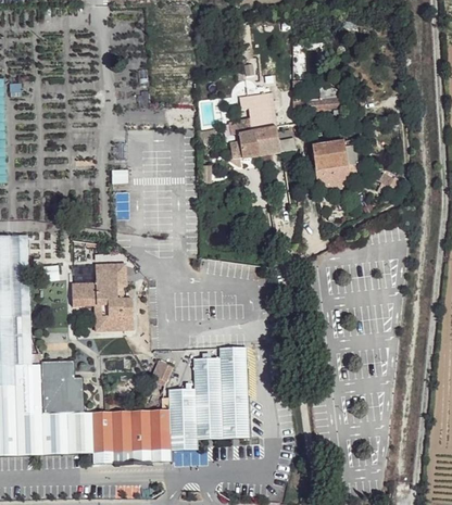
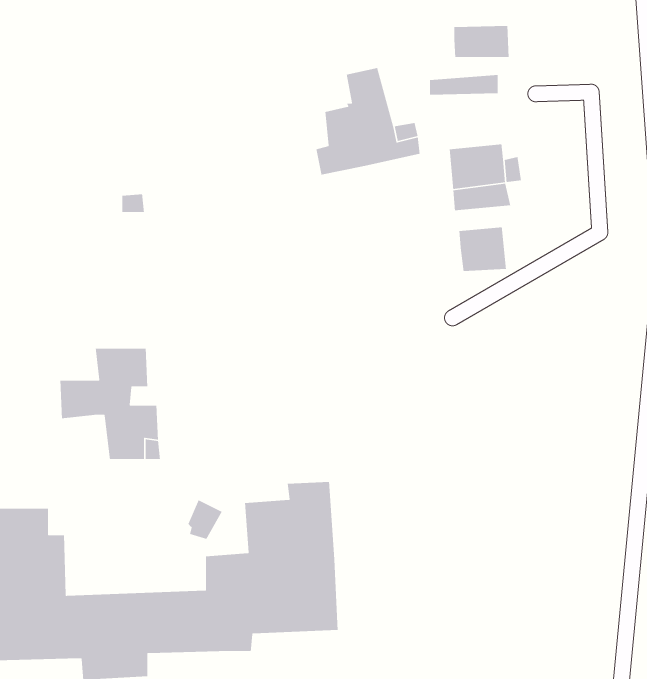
building: none -> [453,25,510,58]
building: none -> [459,226,507,272]

